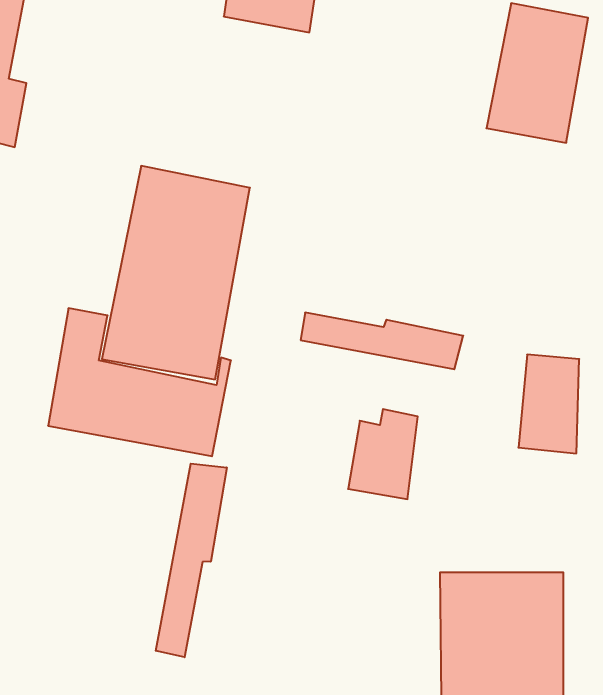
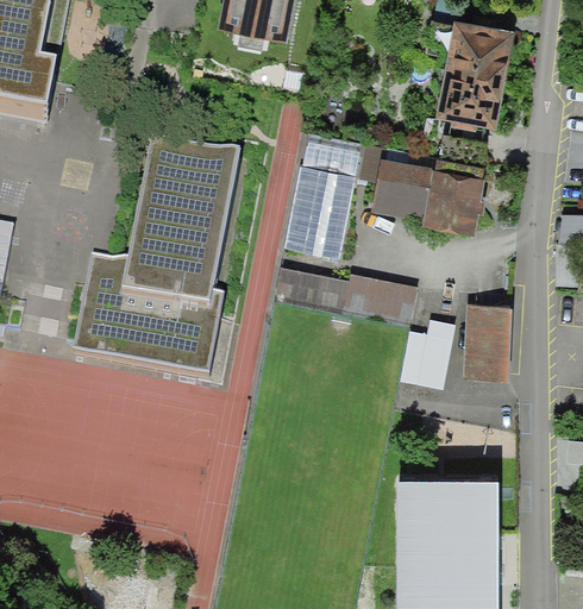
building: none -> [286,134,368,276]
building: none -> [368,155,484,241]
building: [348,409,418,499] -> [399,319,456,393]
building: [156,464,227,657] -> none

